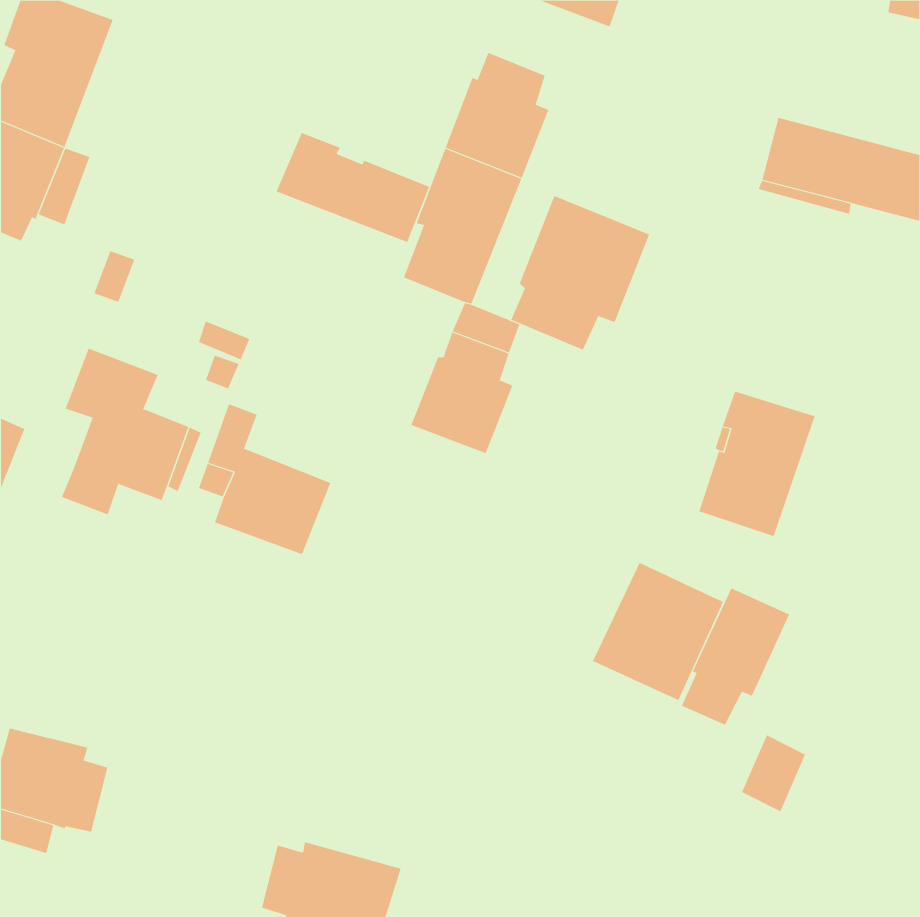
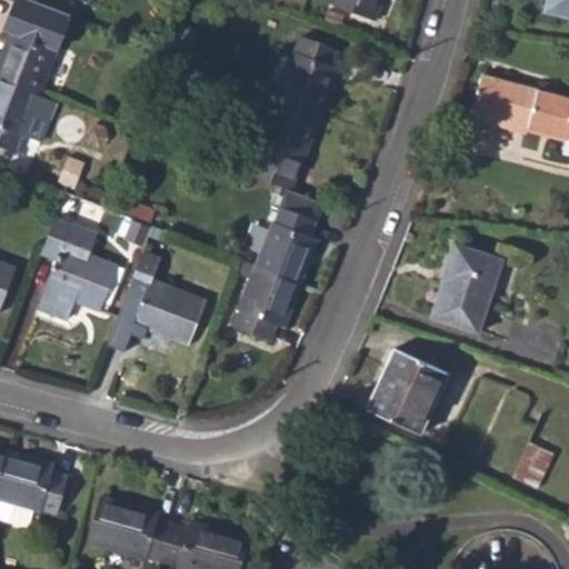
building: [276,132,430,243] -> none
building: [510,195,650,350] -> none
building: none -> [233,260,300,339]
building: [681,587,790,725] -> none
building: [741,735,806,812] -> [511,441,551,489]
building: none -> [87,498,171,562]

